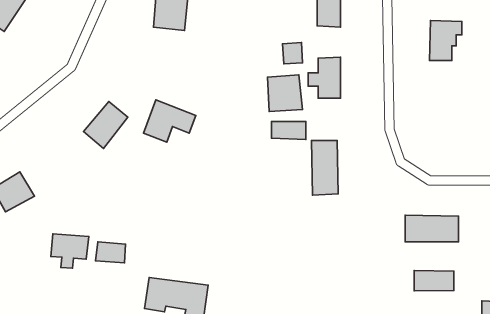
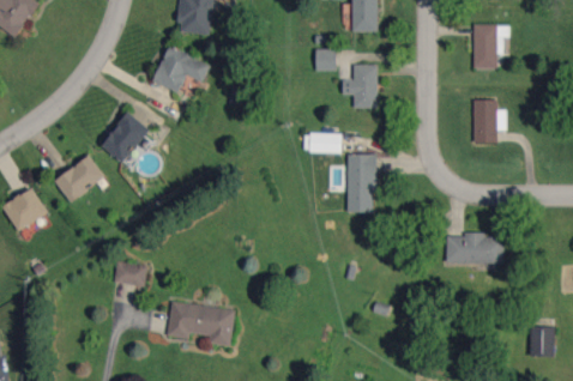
building: [267,75,302,111] -> none
building: none -> [474,99,506,143]
building: [143,100,196,142] -> [153,46,210,91]
building: none -> [55,156,104,200]
building: [51,234,89,268] -> none
building: [414,270,454,291] -> none

